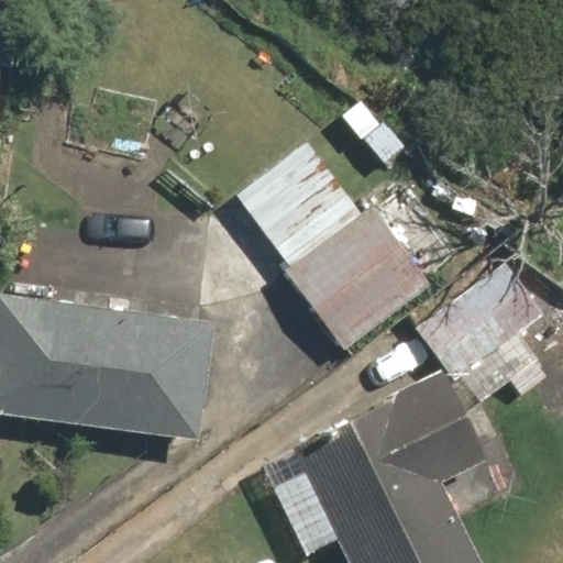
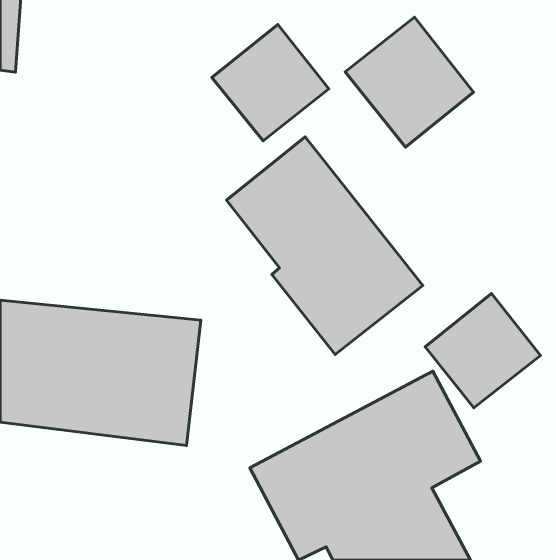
building: none -> [345,17,474,147]
building: none -> [212,24,329,141]

